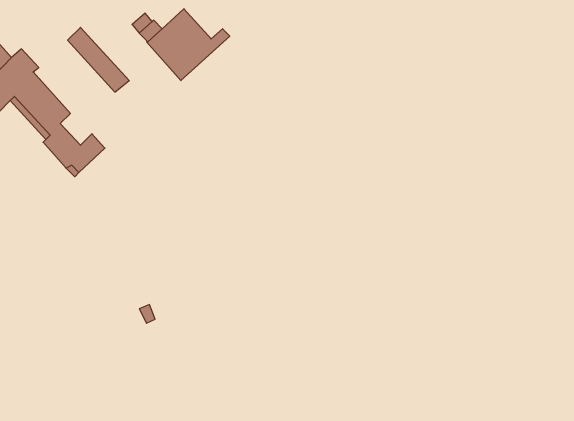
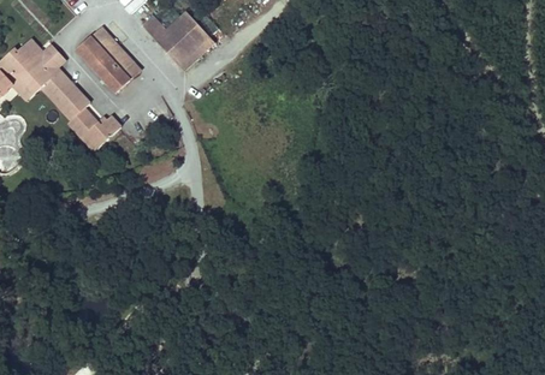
building: none -> [76,37,128,93]

